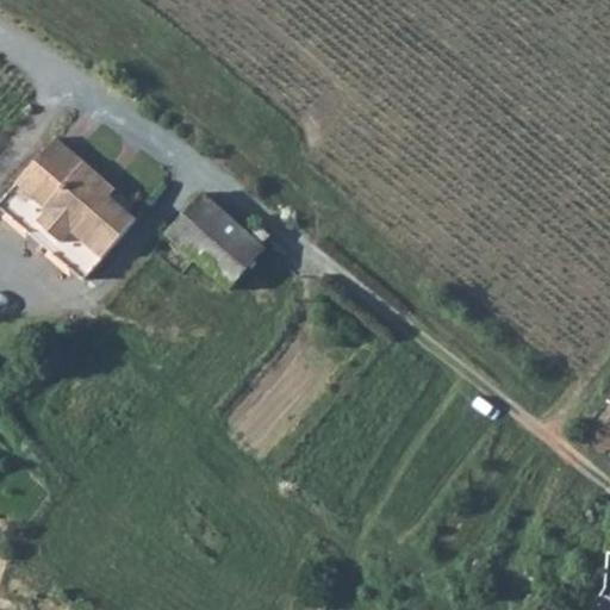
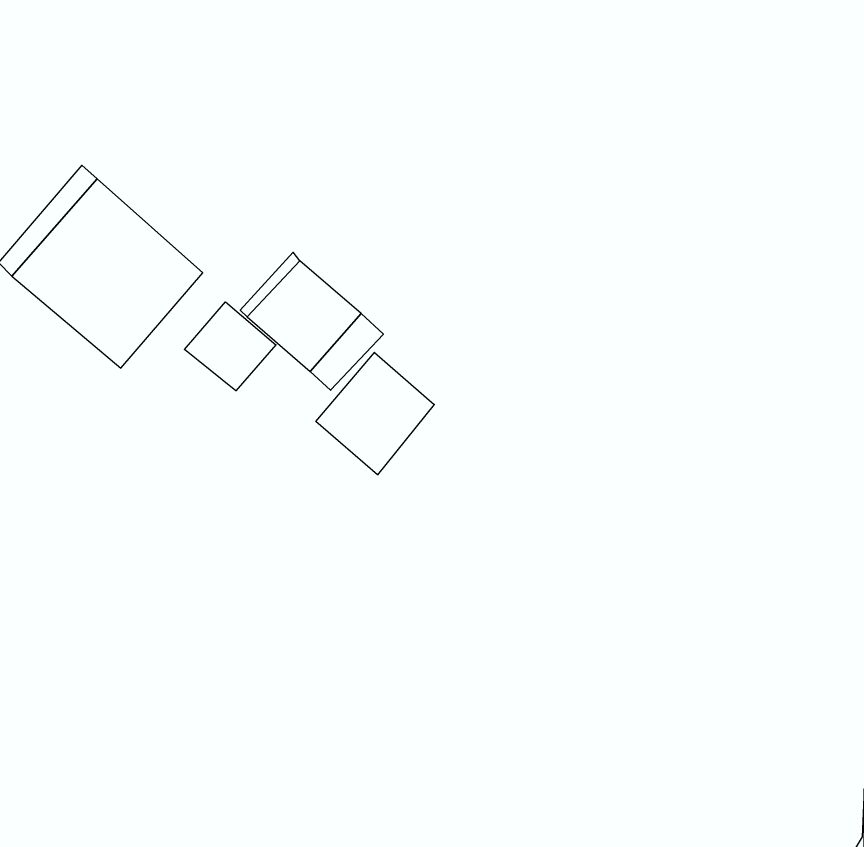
building: none -> [184,302,276,391]
building: none -> [316,352,434,475]

